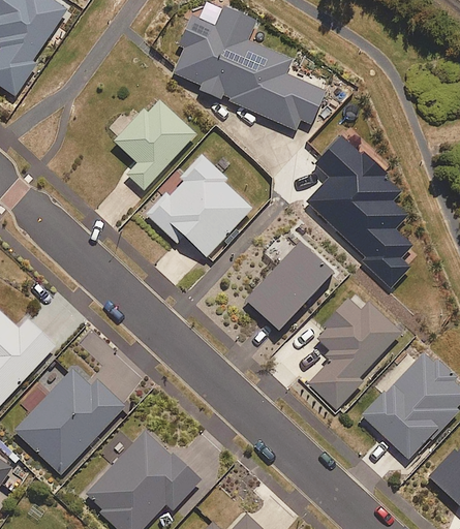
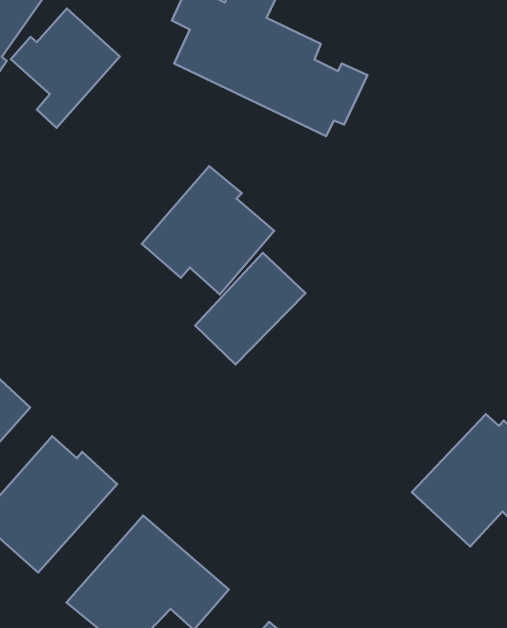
building: [105,93,192,188] -> [11,8,120,128]
building: [307,134,411,285] -> none
building: [246,242,334,331] -> [195,253,305,364]
building: [306,287,397,410] -> none

